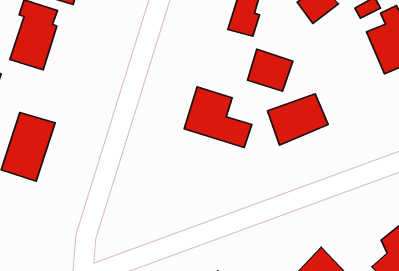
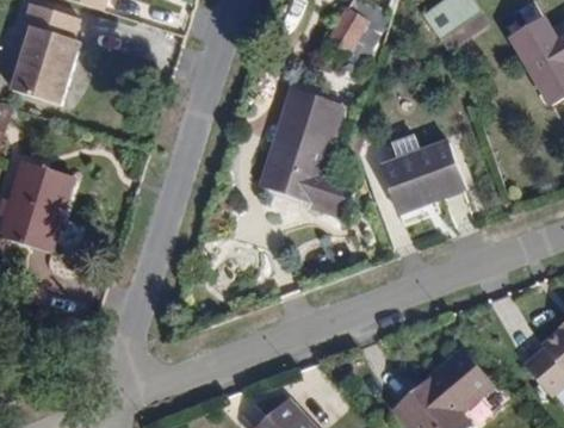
building: [248,49,293,91] -> [279,85,342,143]

